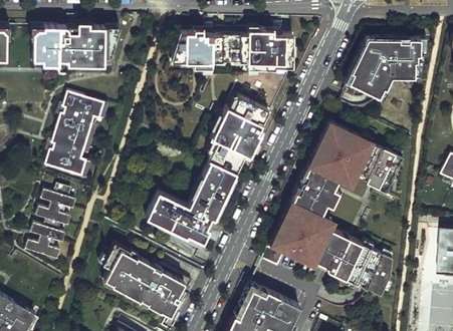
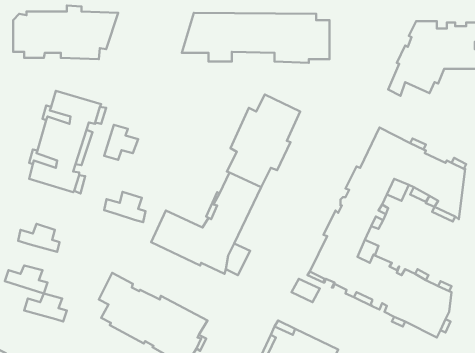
building: none -> [104,125,138,160]
building: [41,186,75,211] -> [104,192,146,222]
building: [30,221,65,244] -> [24,293,67,322]

